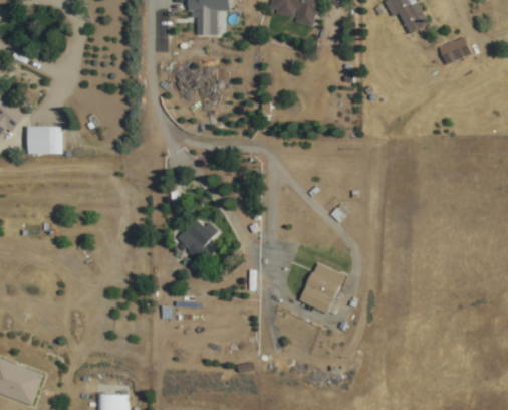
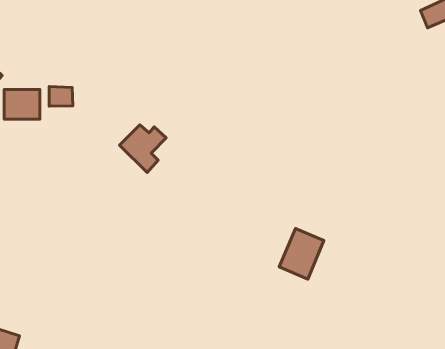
building: none -> [49,87,73,106]
building: [173,219,219,266] -> [120,125,166,172]

